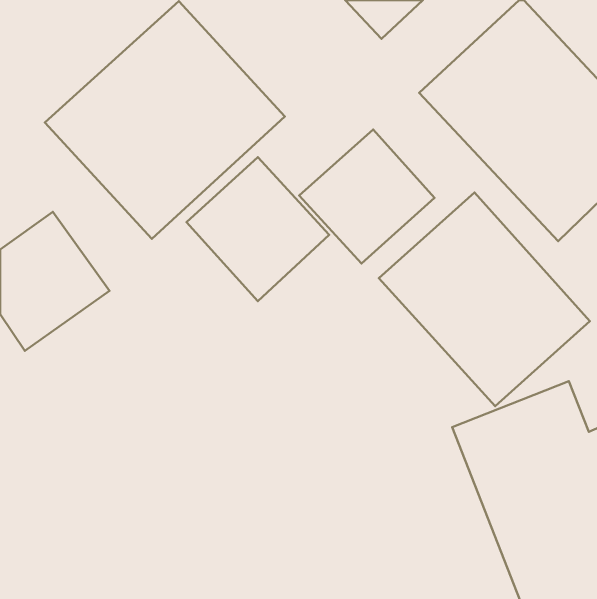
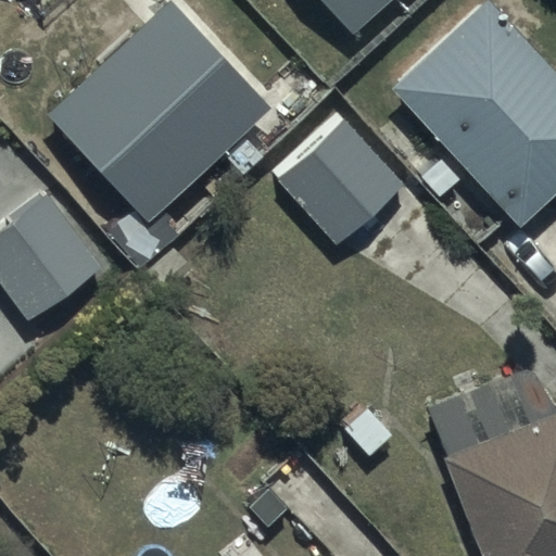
building: [186,157,329,301] -> none
building: [379,192,590,406] -> none

